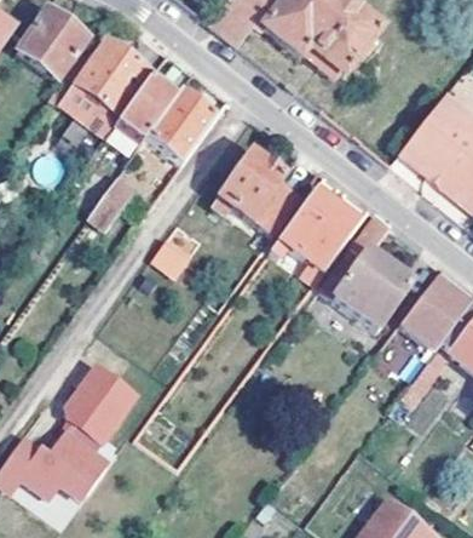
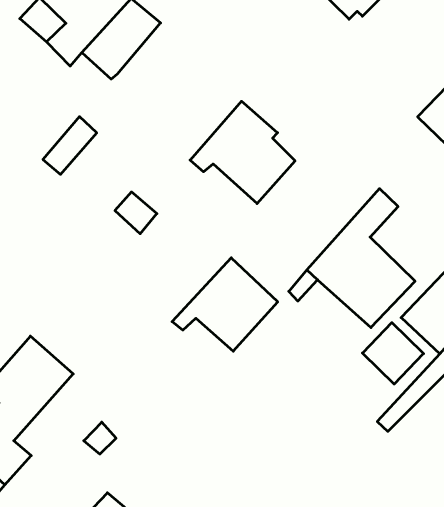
building: [148,92,215,164] -> none
building: [272,190,358,268] -> [172,258,278,351]

